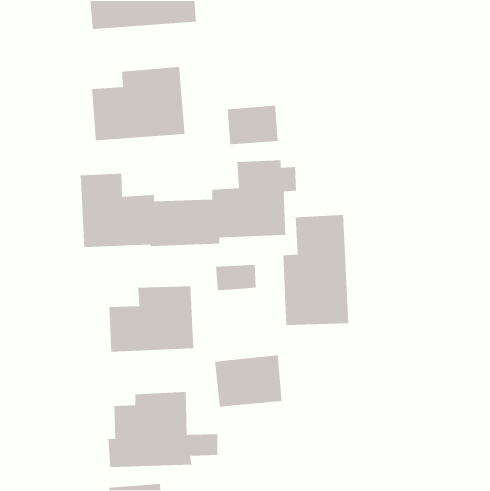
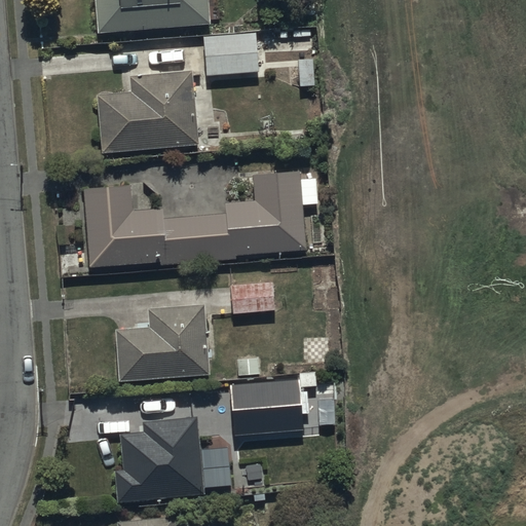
building: [227,105,279,145] -> [203,32,259,75]
building: [283,214,349,326] -> none

